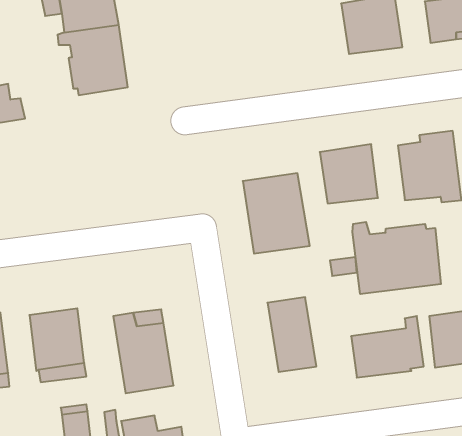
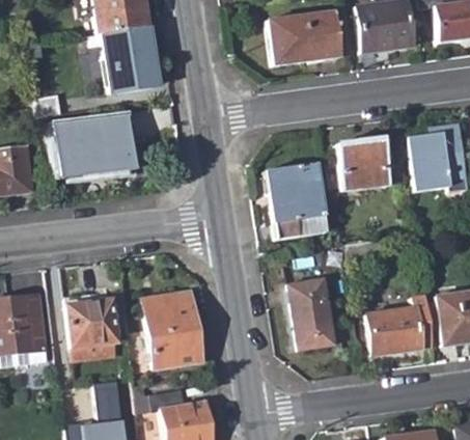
building: none -> [269,10,342,65]
building: none -> [55,116,136,178]
building: [352,222,441,294] -> none

